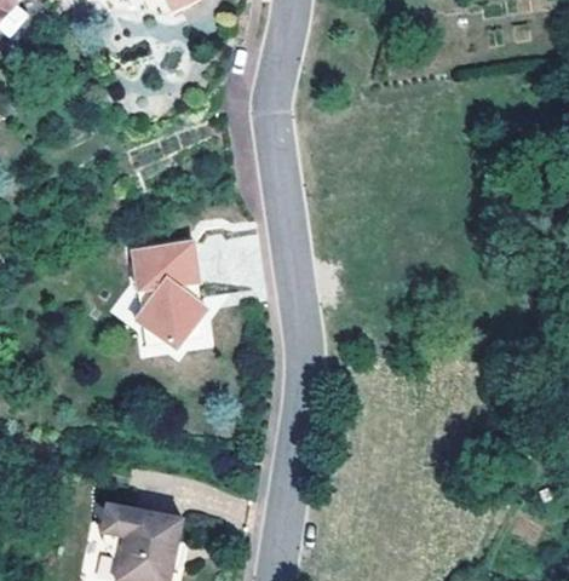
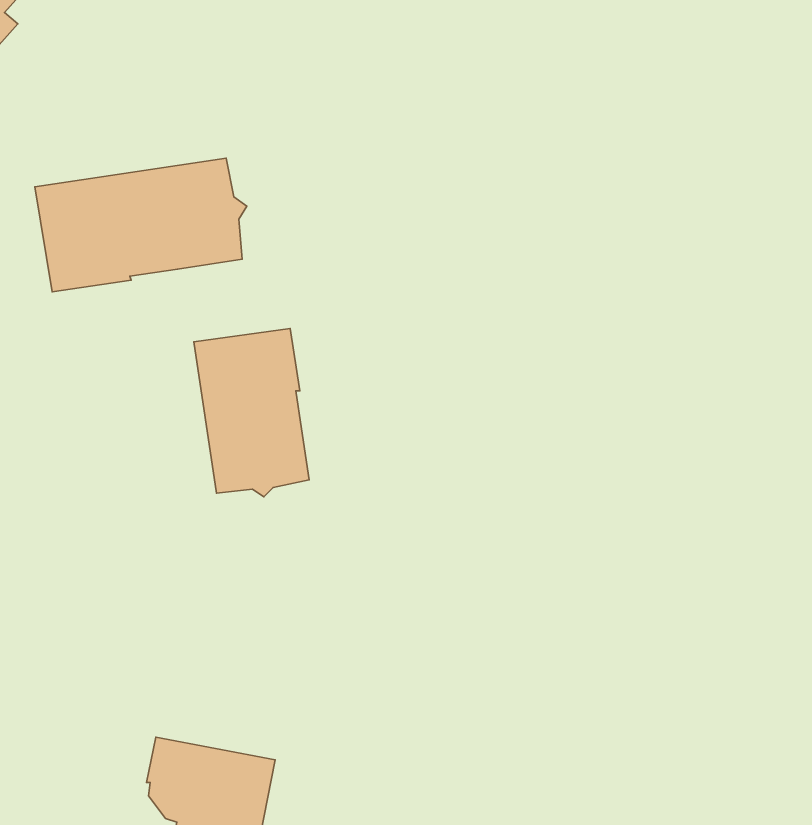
building: none -> [35,158,247,292]

